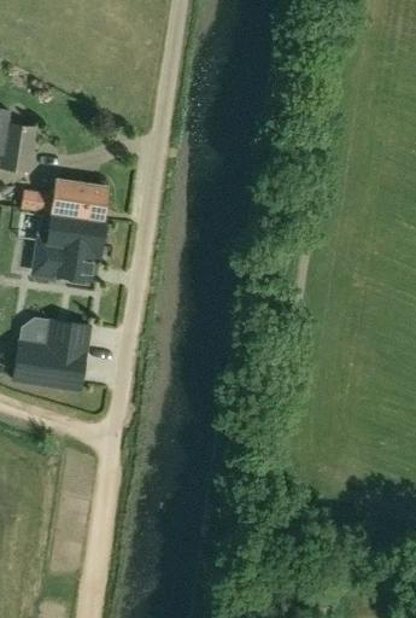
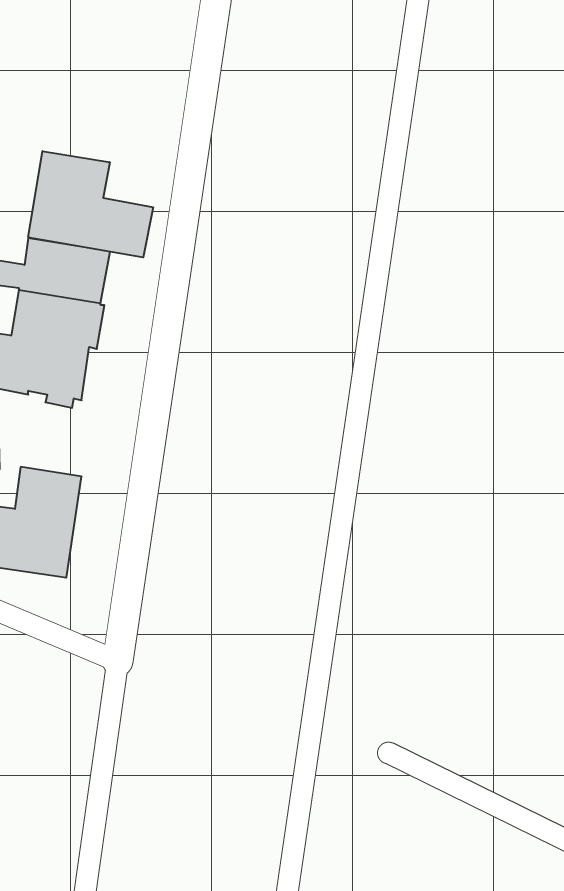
building: none -> [28,151,153,257]

